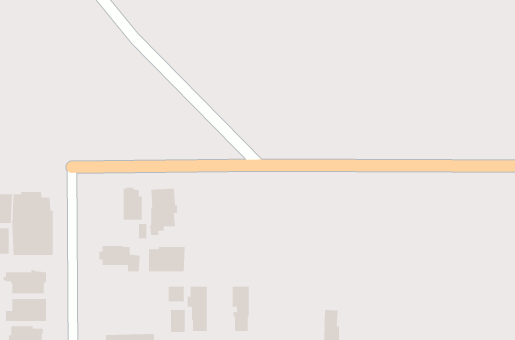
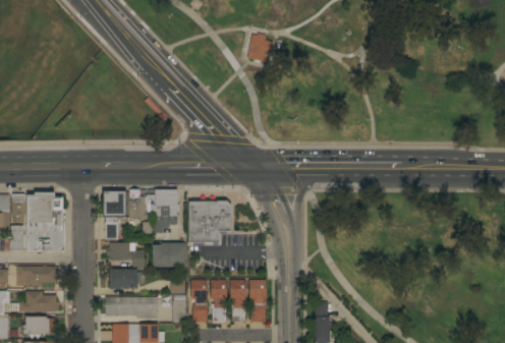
building: none -> [246,34,272,62]
building: none -> [102,189,126,240]
building: none -> [188,199,231,245]
building: none -> [109,269,136,288]
building: none -> [248,279,266,323]
building: none -> [210,280,226,322]
building: none -> [105,297,157,319]

